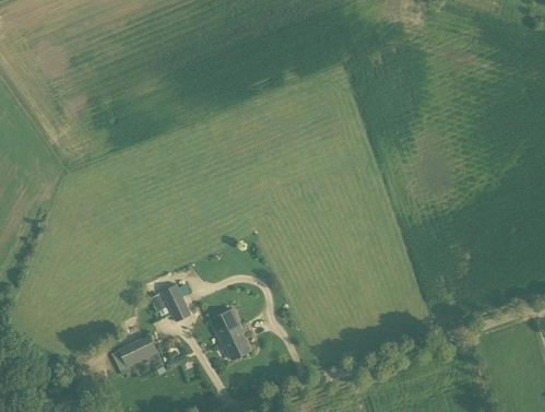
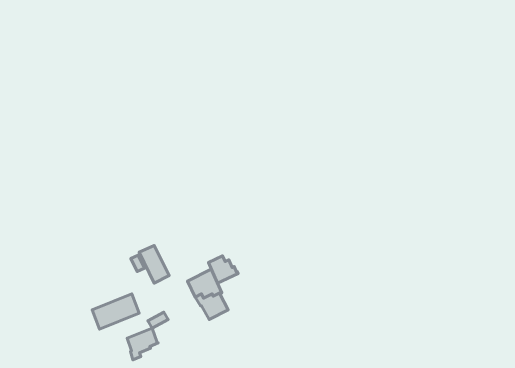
building: none -> [209,256,238,283]
building: none -> [127,328,158,360]

